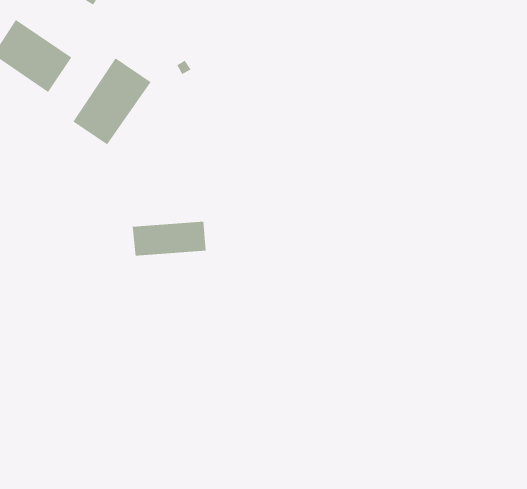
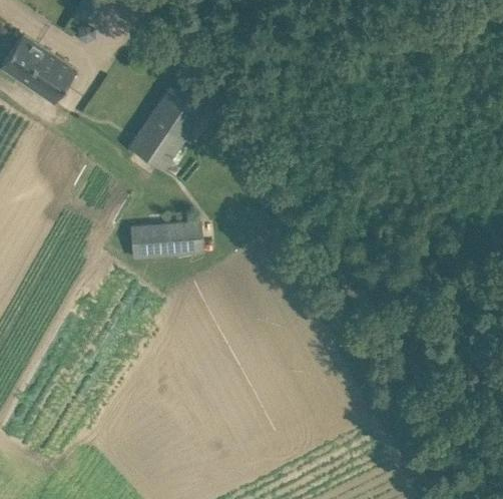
building: [72,57,151,145] -> [128,88,202,170]

